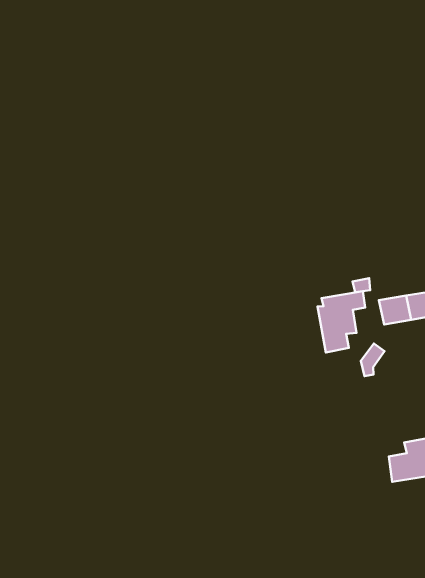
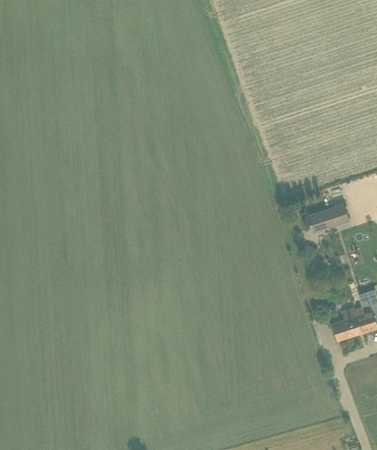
building: [317,291,365,353] -> none

